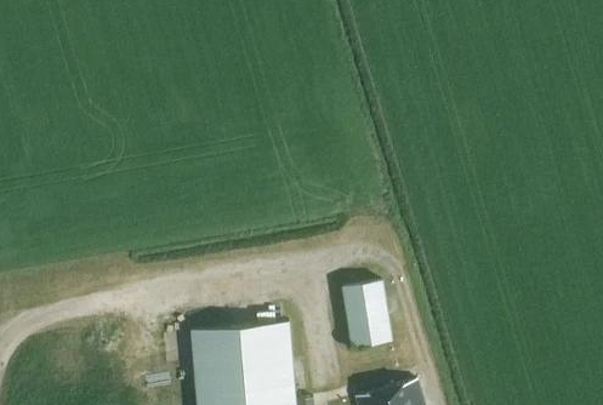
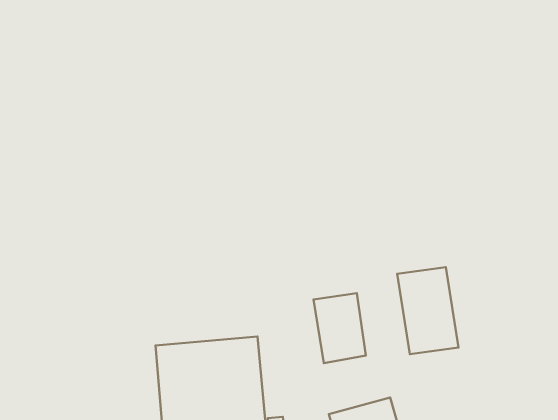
building: none -> [397,267,459,354]

